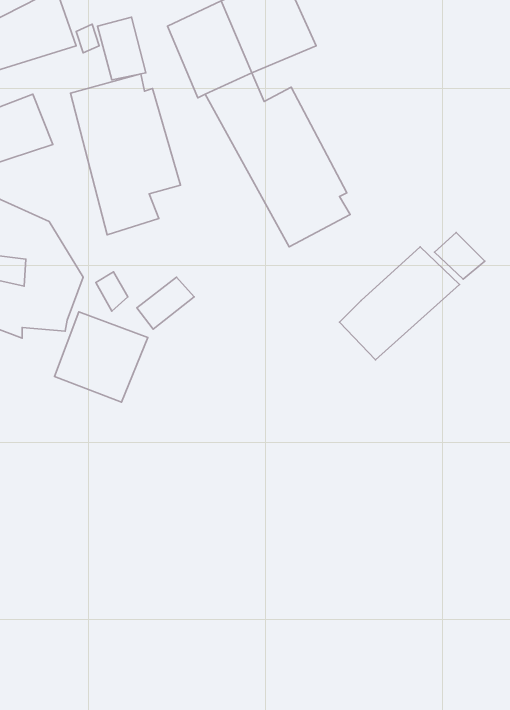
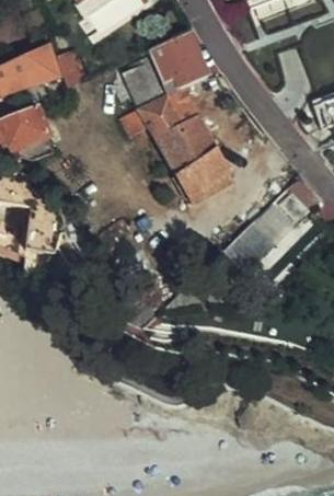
building: [70,74,180,235] -> none
building: [54,312,148,402] -> none

